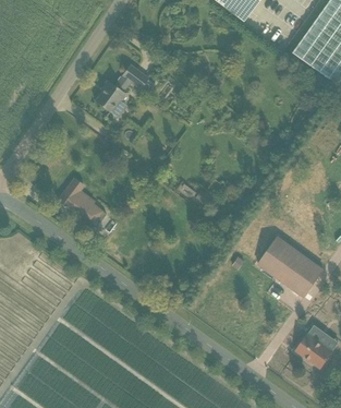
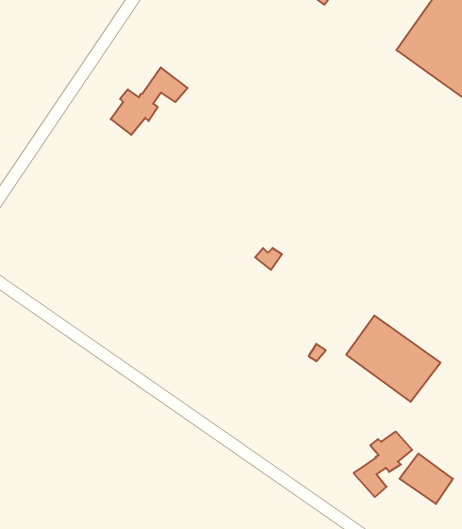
building: [57,178,106,227] -> none
building: none -> [354,432,412,497]

